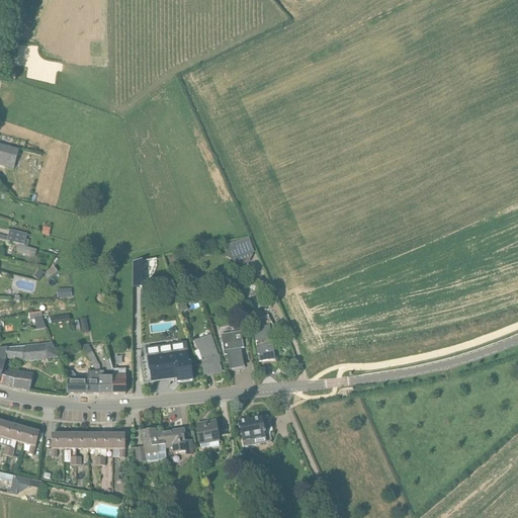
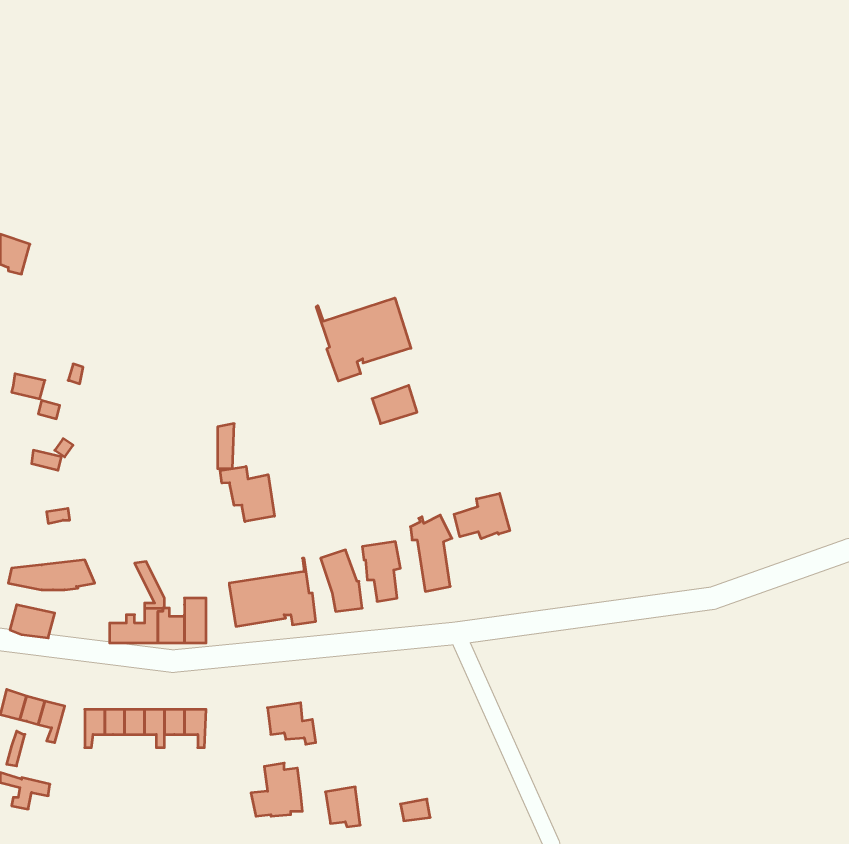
building: none -> [316,298,411,381]
building: none -> [220,466,274,522]
building: none -> [454,493,510,539]
building: [240,415,269,436] -> none
building: [197,420,219,444] -> [325,787,360,827]
building: [135,428,166,460] -> [251,763,302,816]

